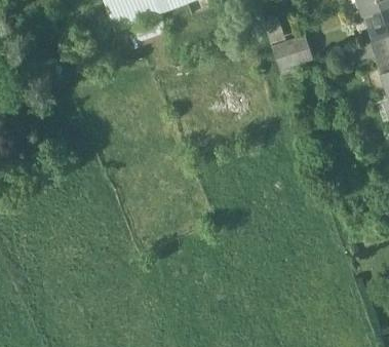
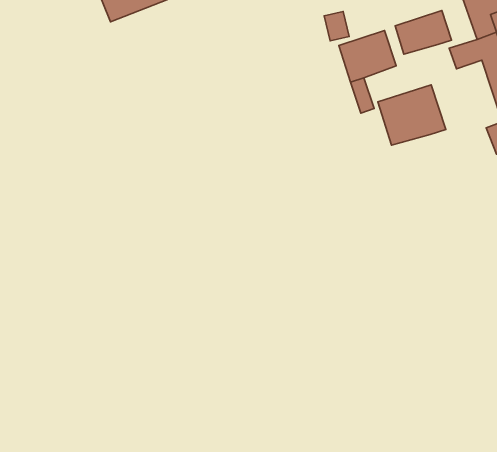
building: none -> [395,11,451,54]
building: none -> [378,85,446,145]

